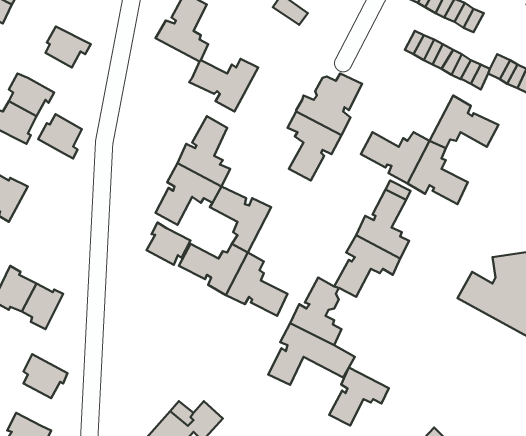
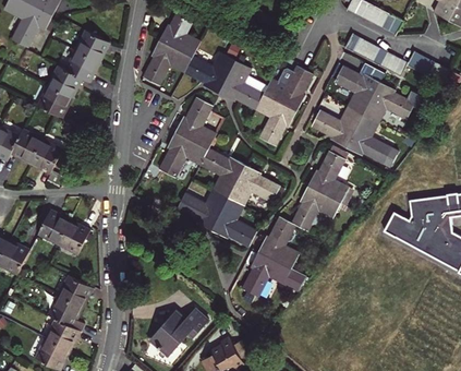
building: none -> [143,38,191,85]
building: none -> [217,60,267,108]
building: none -> [332,65,379,115]
building: [38,114,82,158] -> [63,49,96,82]
building: none -> [227,164,278,204]
building: [146,223,191,265] -> none
building: [329,367,389,425] -> none
building: none -> [48,295,81,326]

